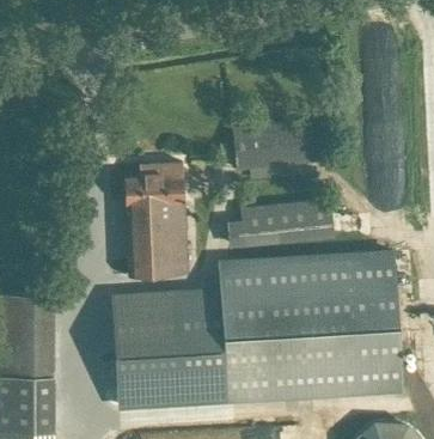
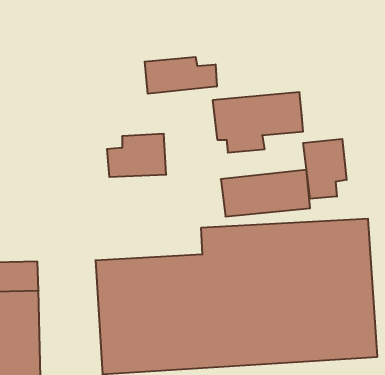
building: none -> [145,57,217,94]
building: none -> [303,139,347,199]
building: [127,205,188,276] -> none

